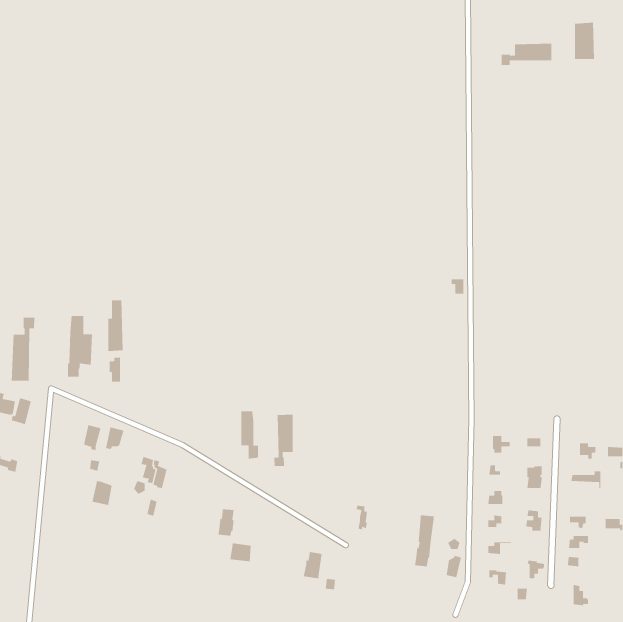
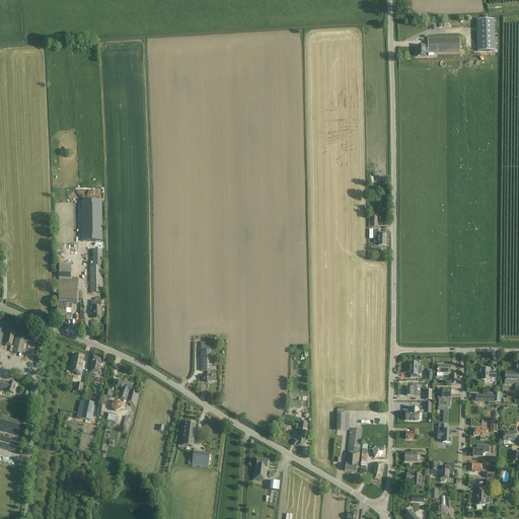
building: none -> [82,197,103,238]
building: [11,317,35,381] -> none
building: [273,414,293,467] -> none

